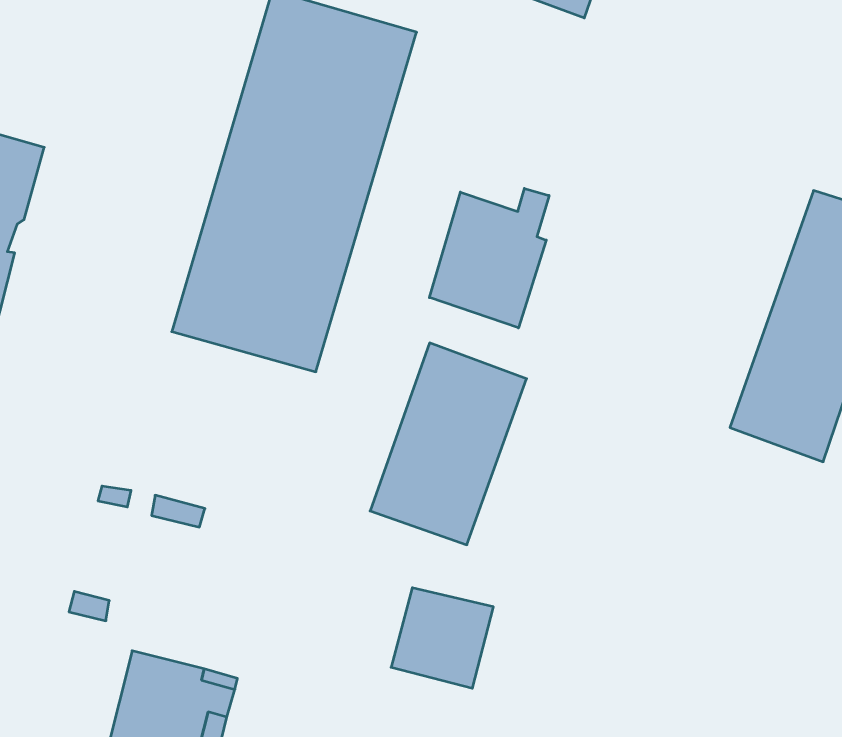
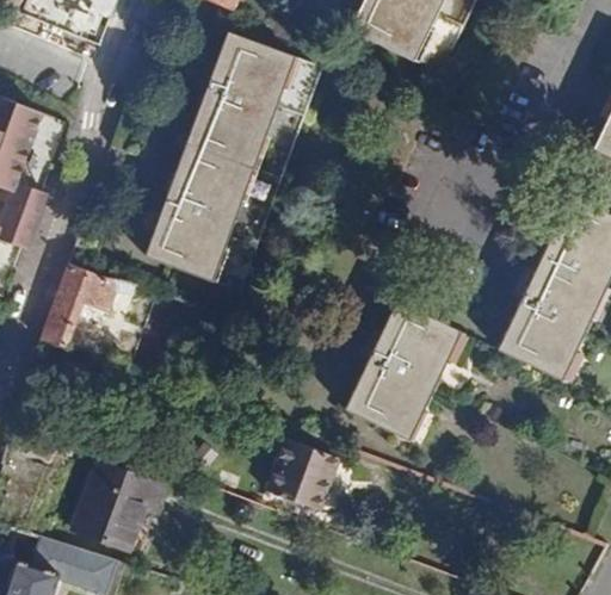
building: [429,188,549,328] -> none
building: [370,343,527,545] -> [362,309,474,445]
building: none -> [36,262,132,345]

